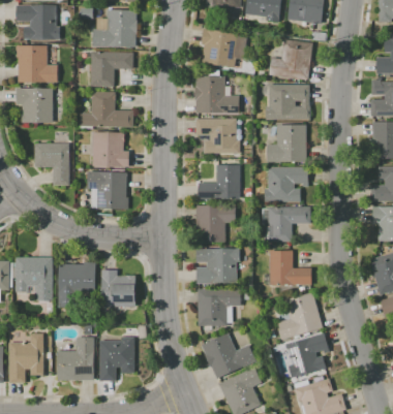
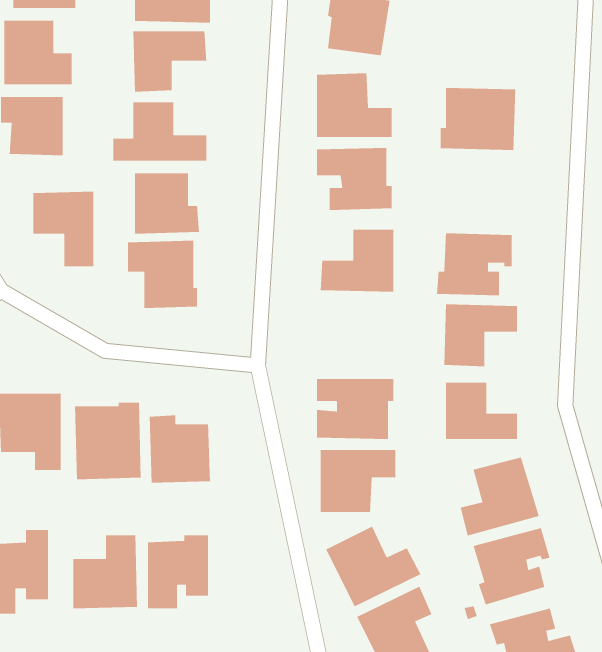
building: [268,39,312,79] -> none
building: [267,124,305,163] -> none
building: [196,205,235,244] -> none

